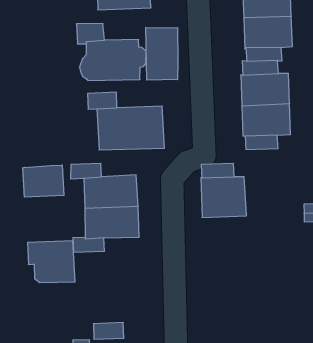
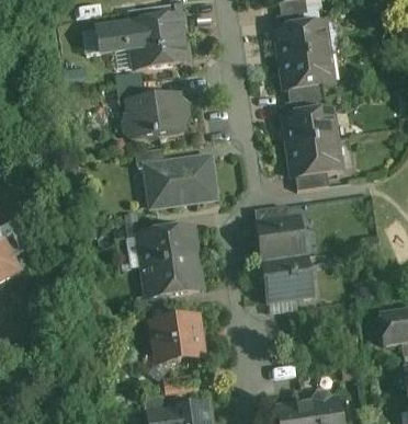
building: [146,27,178,80] -> none
building: [23,165,64,197] -> none
building: none -> [261,253,313,299]
building: [28,241,75,282] -> [150,314,202,359]

